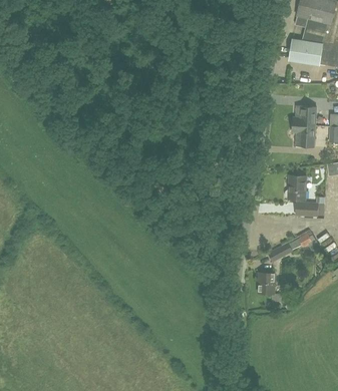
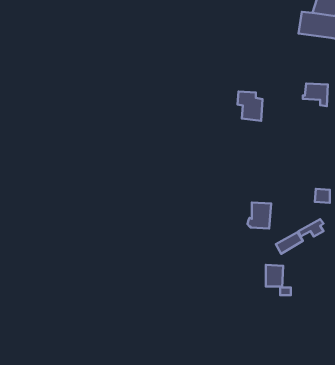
building: [291,119,314,146] -> [237,91,262,121]
building: [284,175,306,200] -> [247,202,271,229]

